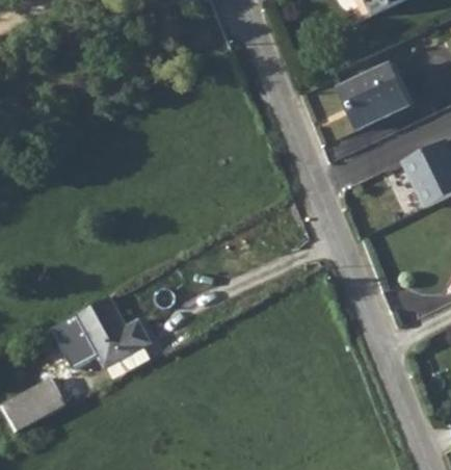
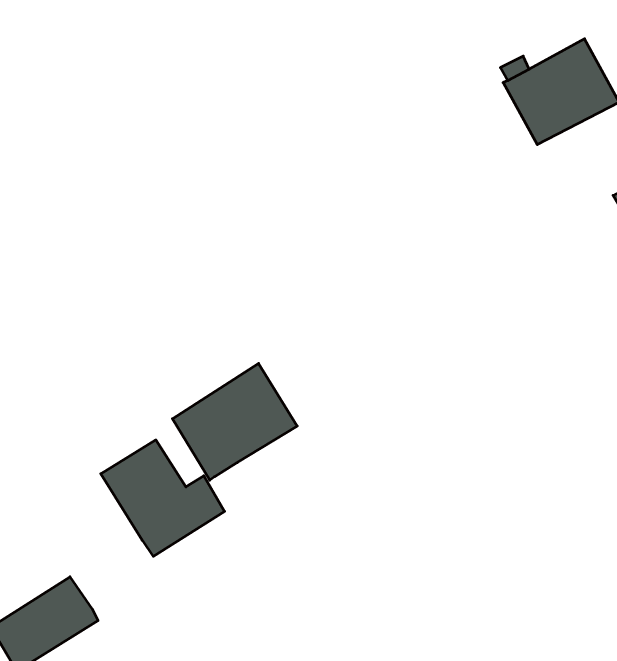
building: none -> [172,363,297,480]
building: [55,314,97,366] -> none

